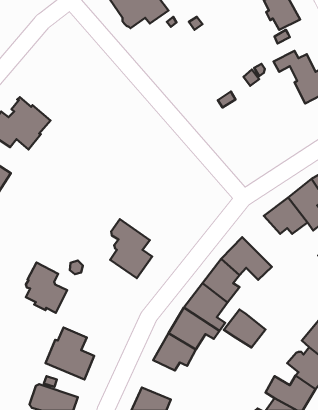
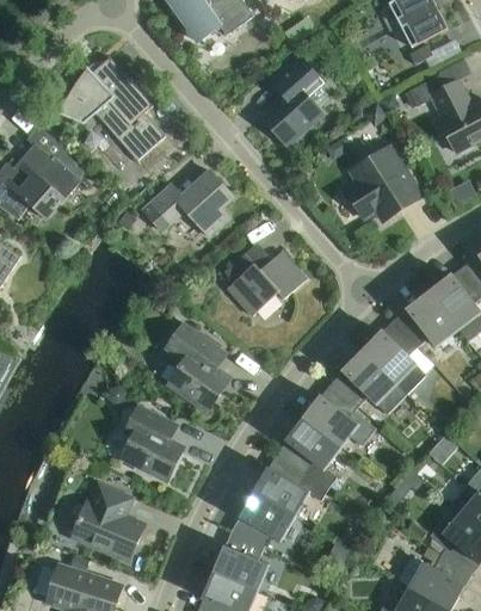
building: none -> [259,56,322,144]
building: none -> [60,57,165,160]
building: none -> [345,146,421,221]
building: none -> [142,171,233,236]
building: none -> [223,245,306,315]
building: none -> [362,319,426,394]
building: [26,263,67,313] -> [122,406,183,480]
building: [224,310,265,348] -> none
building: none -> [214,531,267,590]

